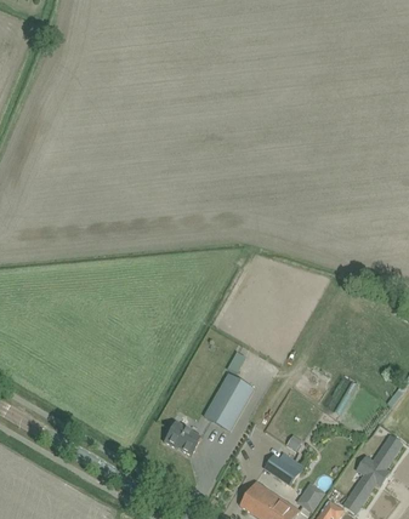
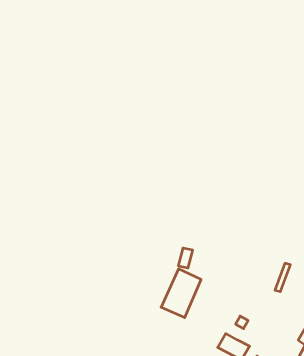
building: [164,421,201,454] -> none

